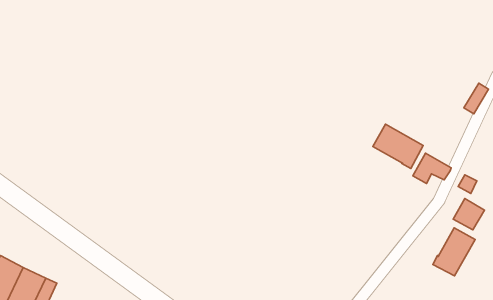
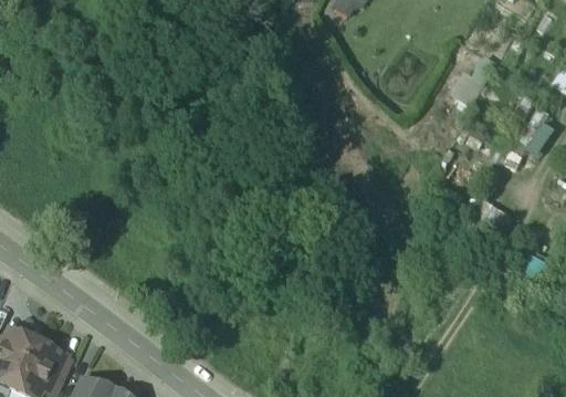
building: [373,124,423,169] -> none
building: [433,228,475,276] -> none

